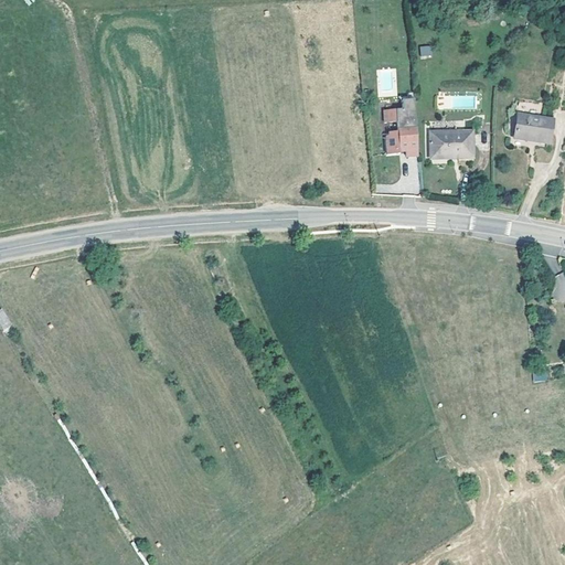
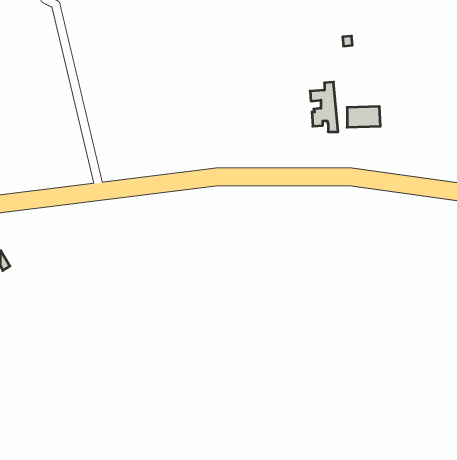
building: [512,111,554,142] -> none

